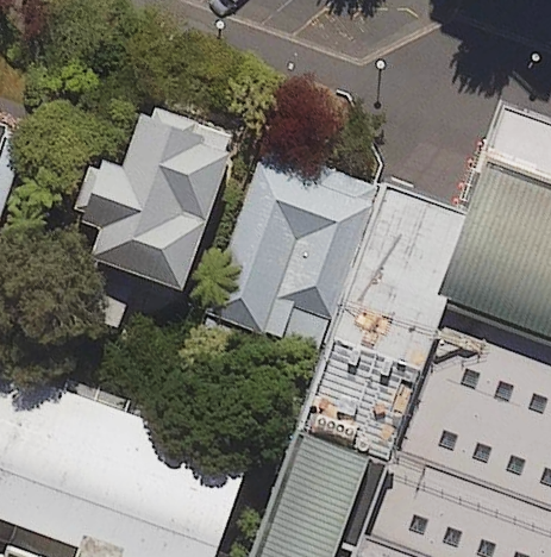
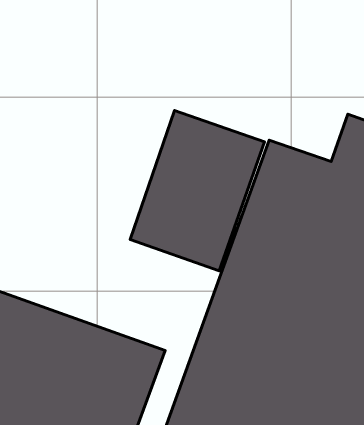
building: [69,108,238,294] -> none

